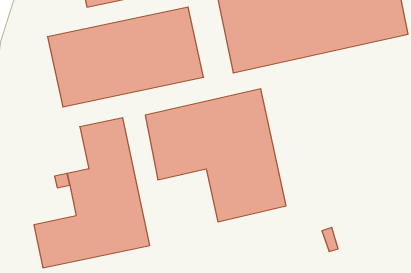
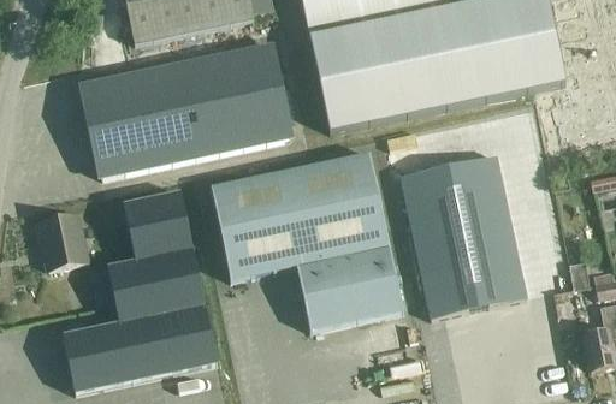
building: none -> [402,153,527,316]
building: none -> [40,212,89,268]

